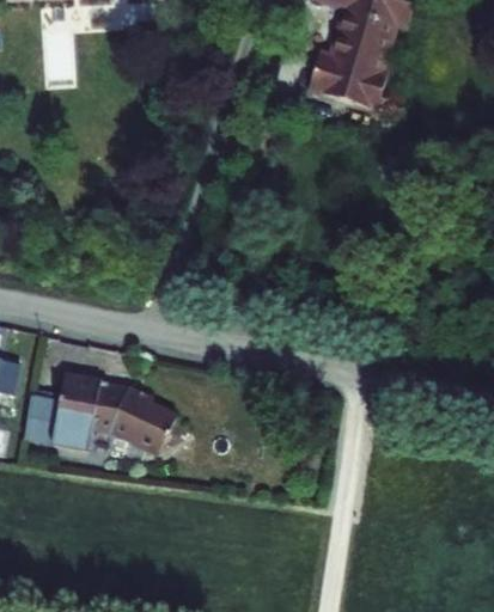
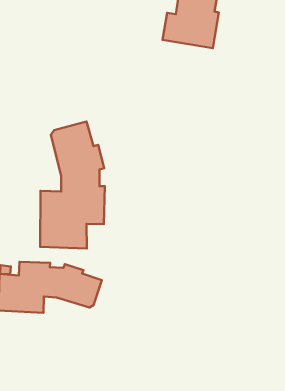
building: none -> [40,121,105,248]

